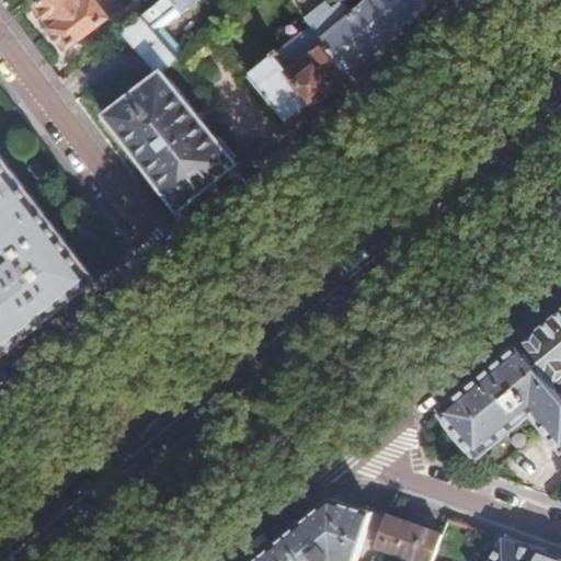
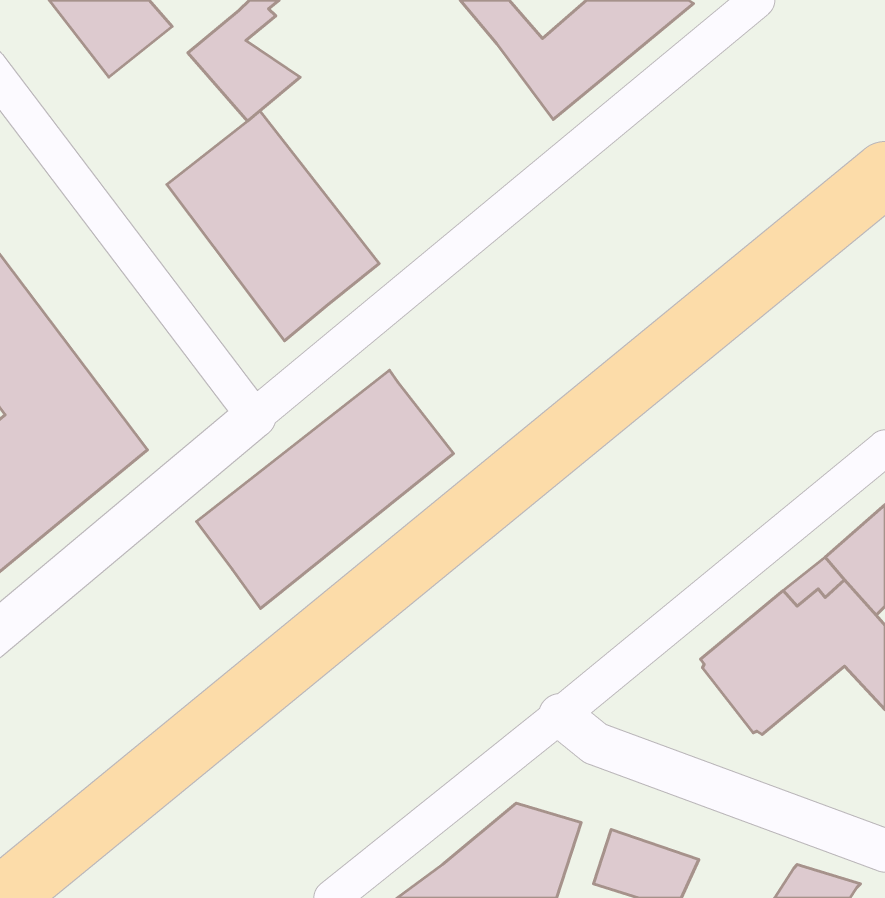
building: [250,27,345,123] -> none
building: none -> [196,370,454,609]

